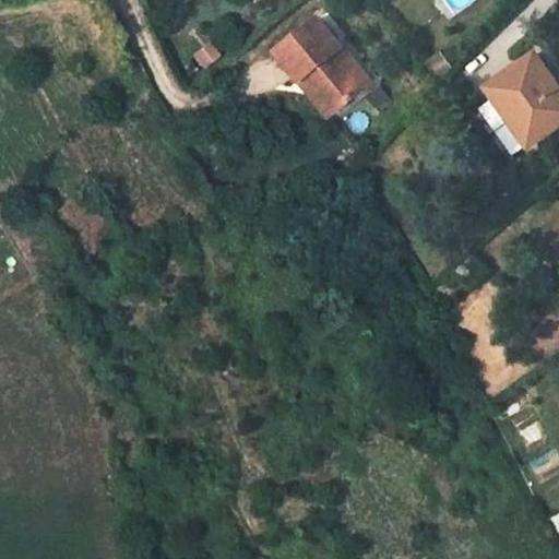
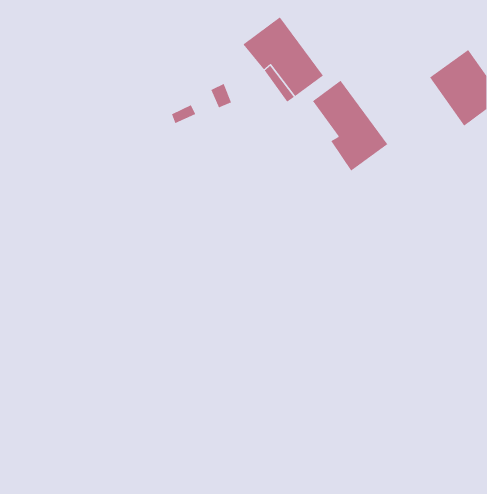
building: none -> [312,80,388,172]

